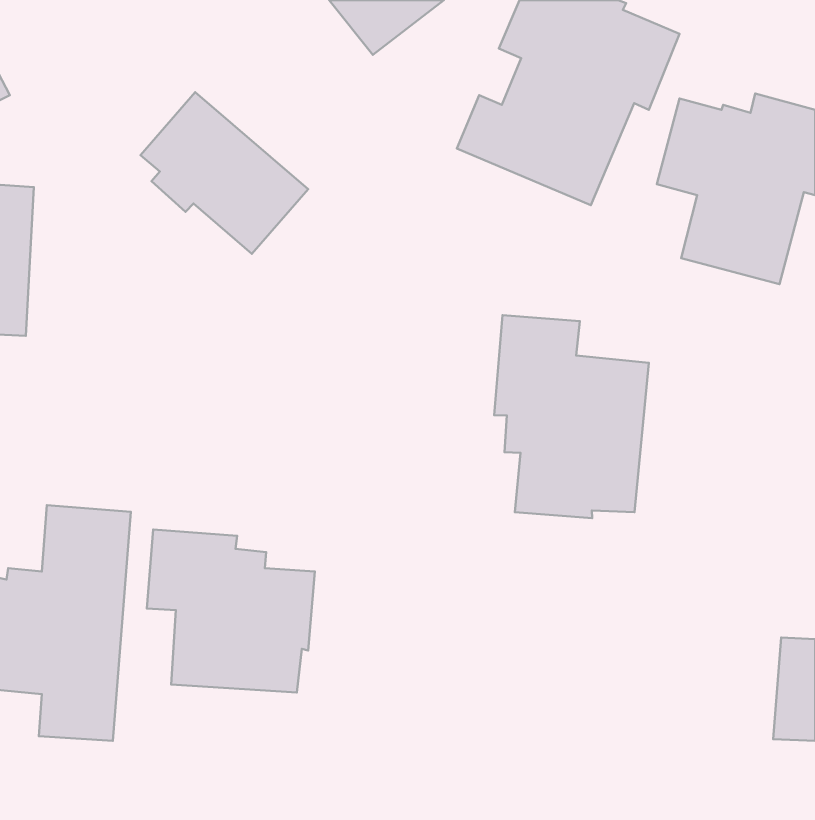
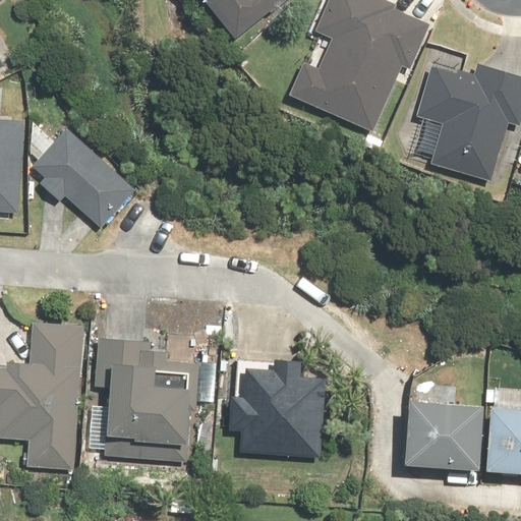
building: [140,92,308,254] -> [30,127,135,229]
building: [494,315,649,518] -> none
building: none -> [229,355,328,459]
building: none -> [407,398,485,467]

